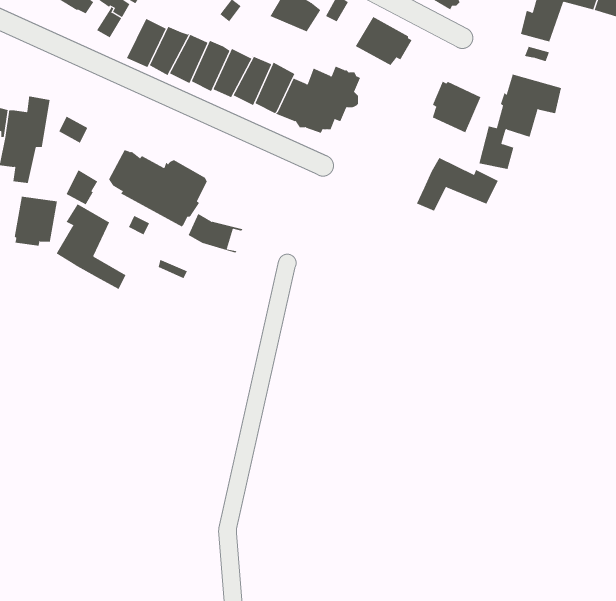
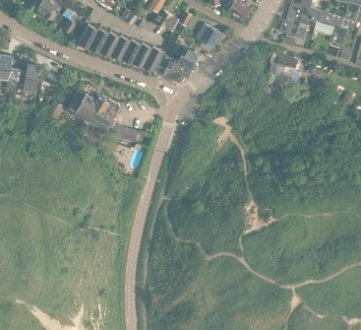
building: [432,81,481,133] -> none
building: [416,157,499,212] -> none
building: [14,196,57,246] -> none
building: [56,204,126,290] -> none

